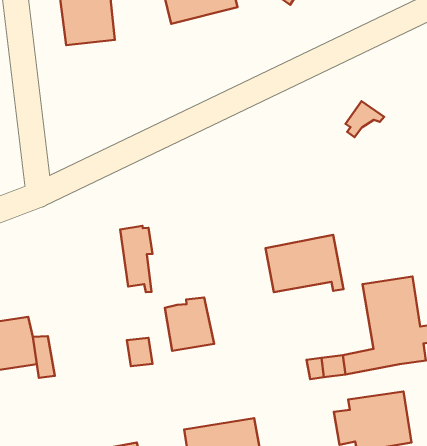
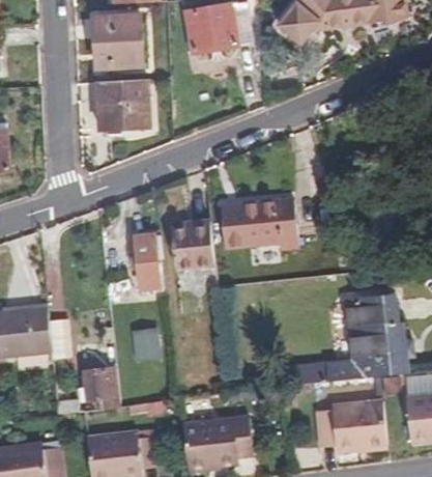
building: none -> [96,79,148,128]
building: [265,235,343,292] -> [220,194,288,245]
building: [165,297,214,351] -> [173,226,215,273]
building: none -> [87,369,121,410]

